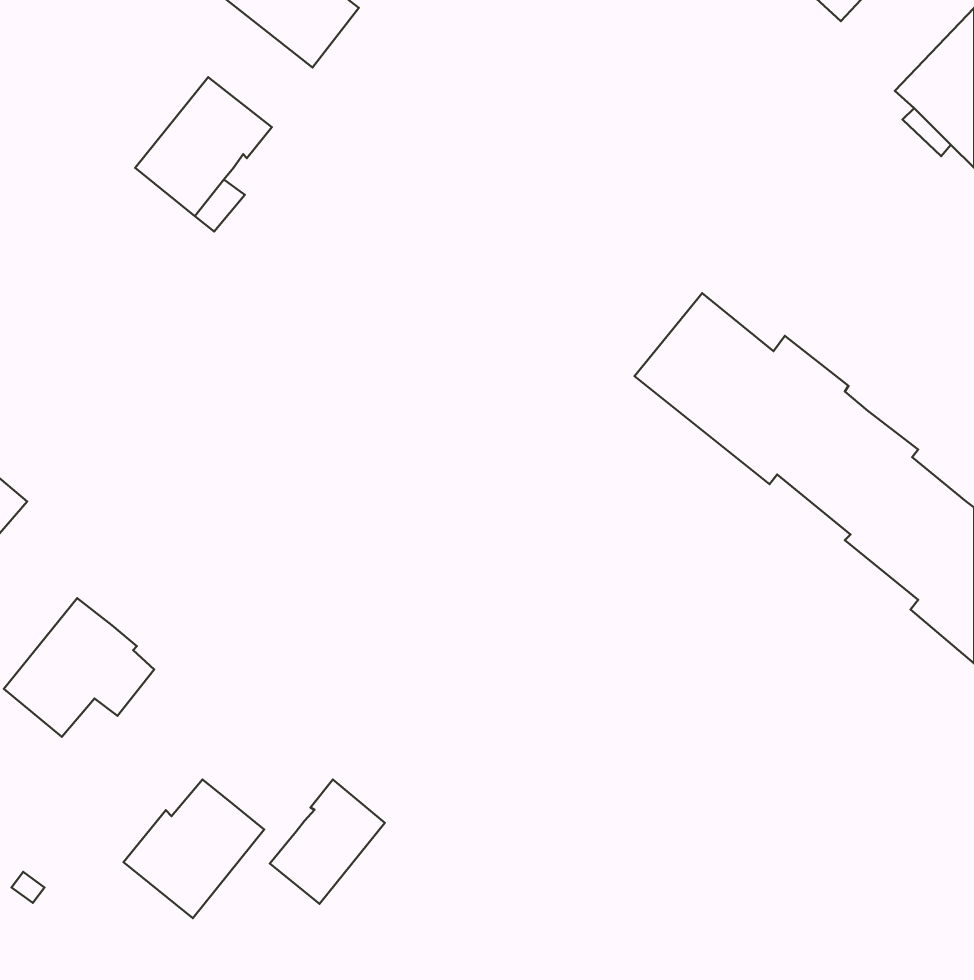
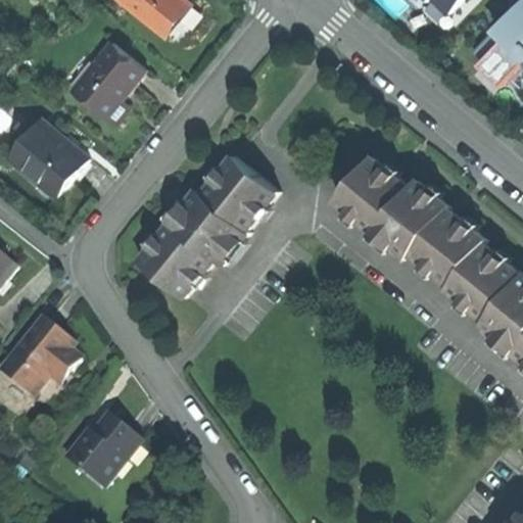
building: none -> [7,118,87,196]
building: none -> [138,154,277,295]
building: [270,780,385,904] -> none

